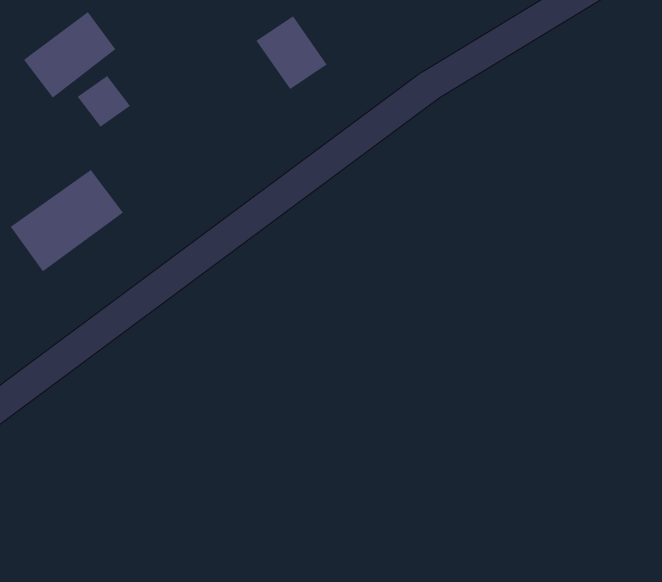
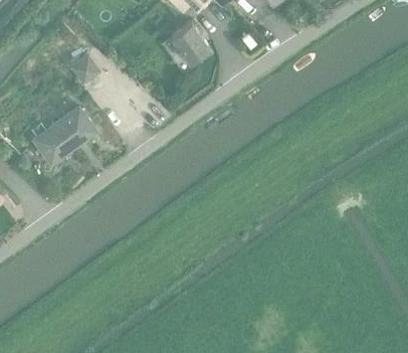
building: [23,11,116,98] -> none

